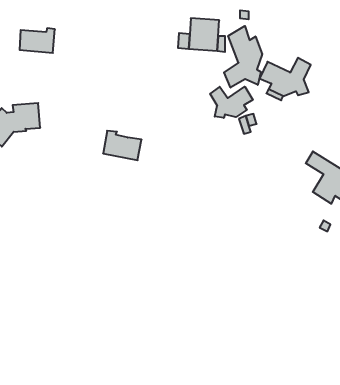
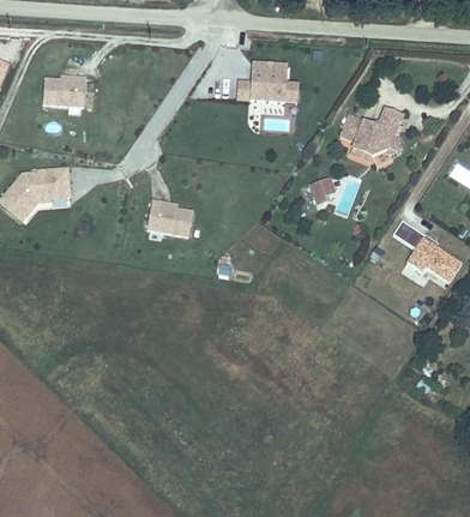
building: [224,26,262,88] -> none
building: [210,87,253,118] -> none

